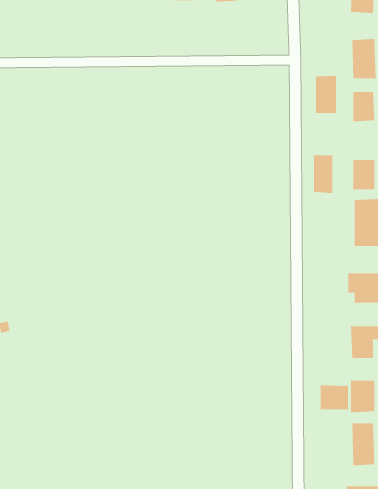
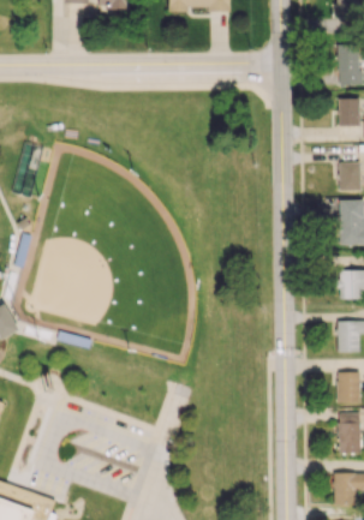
building: [316,75,336,114] -> none
building: [313,155,333,194] -> none
building: [320,384,348,410] -> none

